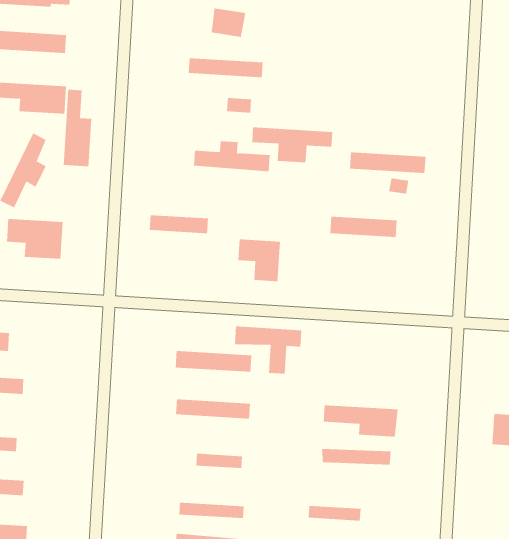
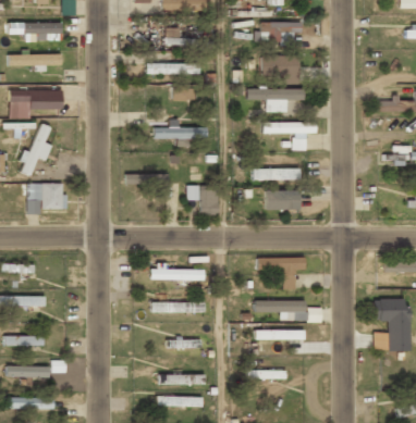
building: none -> [260,22,299,41]
building: none -> [262,55,298,80]
building: [63,89,92,167] -> none
building: [251,127,333,163] -> [247,89,304,112]
building: none -> [265,191,299,211]
building: [234,326,302,374] -> [257,258,304,289]

